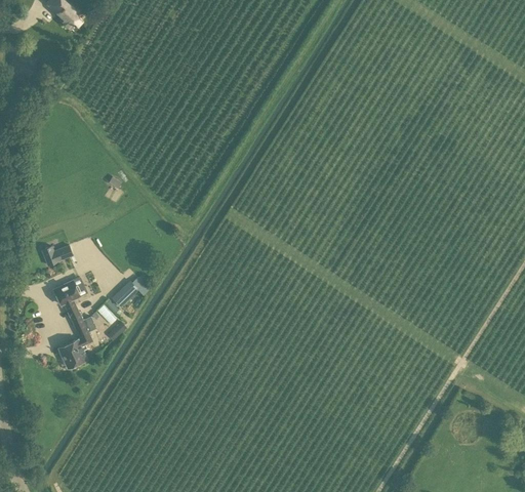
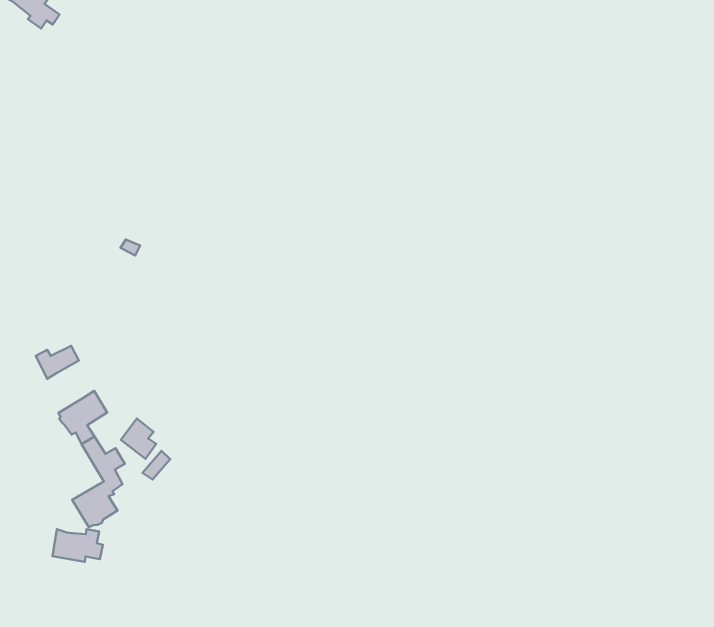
building: [113,278,150,306] -> none
building: none -> [53,529,103,562]

